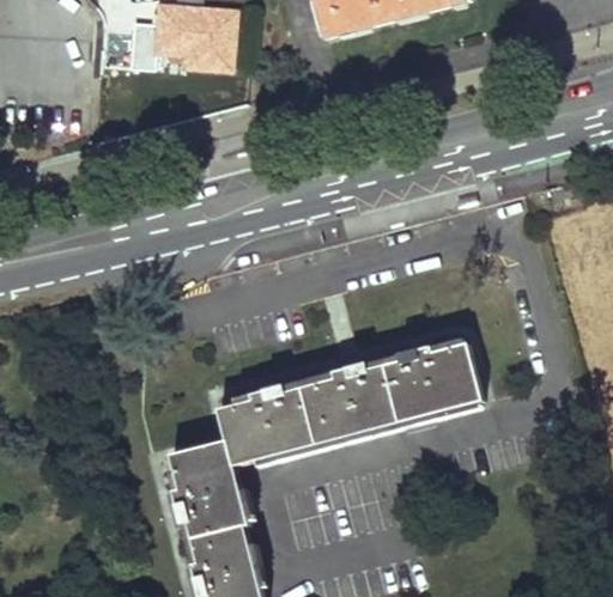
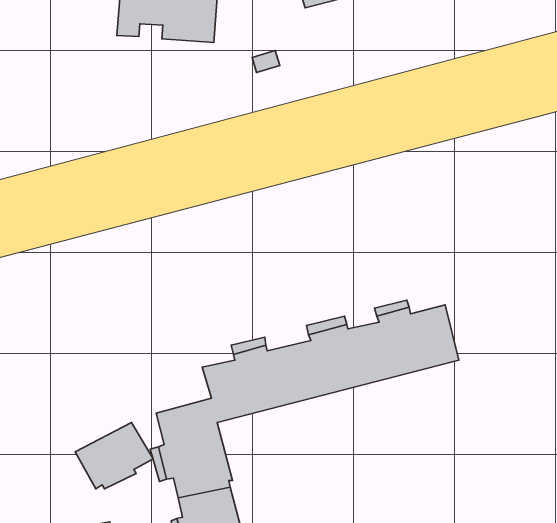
building: none -> [75,423,153,489]

